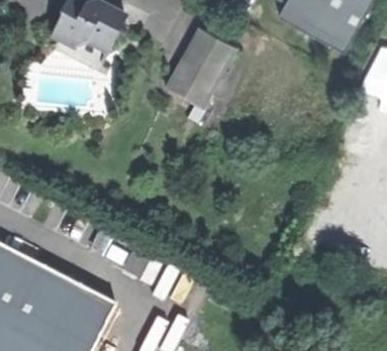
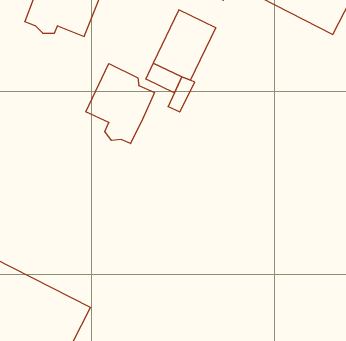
building: none -> [86,64,155,144]

